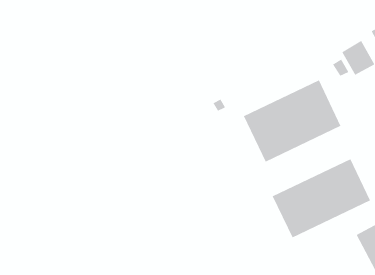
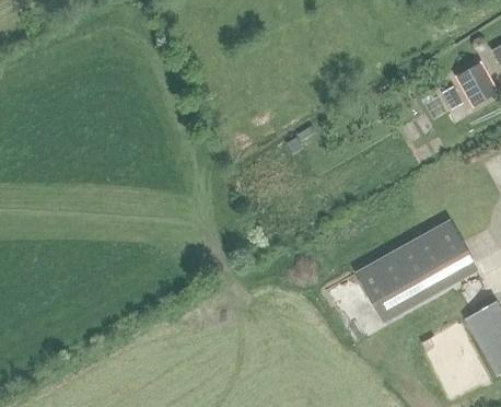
building: [243,80,341,162] -> none

